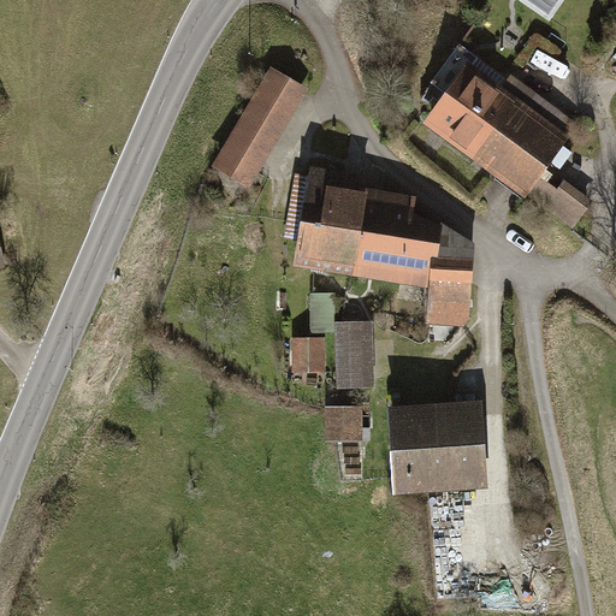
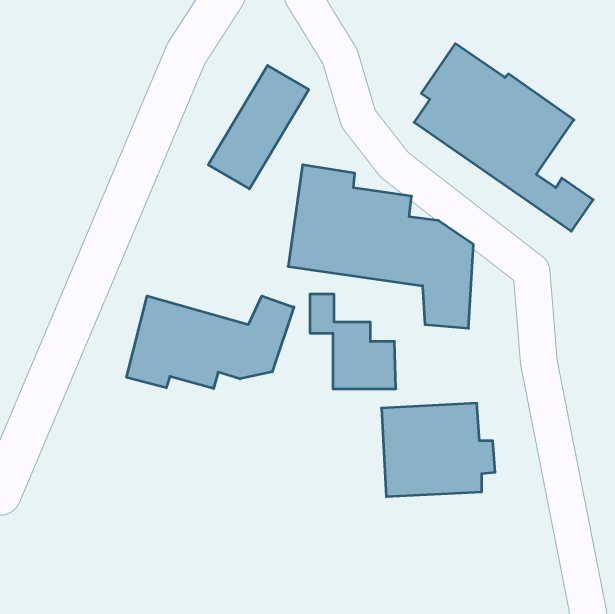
building: none -> [127,296,294,389]
building: [294,336,326,374] -> none
building: [326,405,365,440] -> none

